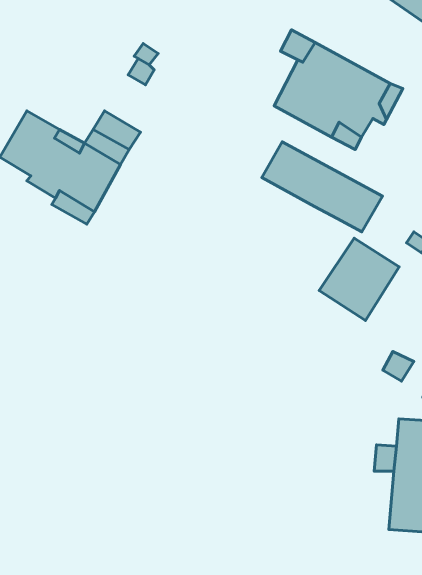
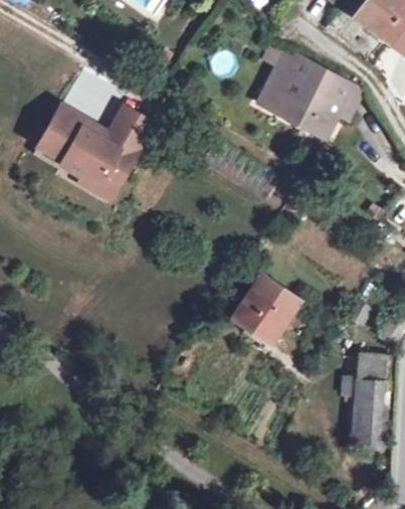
building: [262,142,382,232] -> none
building: [319,238,399,321] -> [233,277,297,343]

